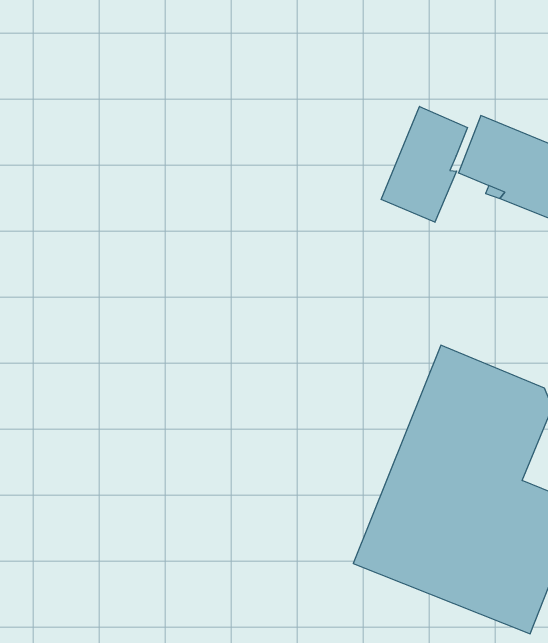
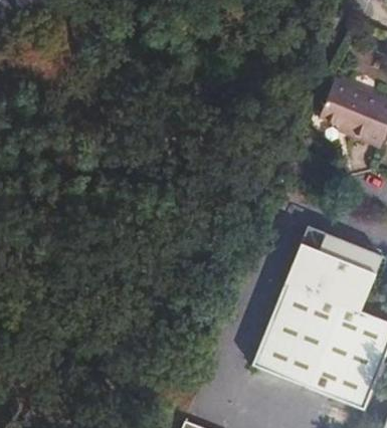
building: [381,106,467,222] -> none

